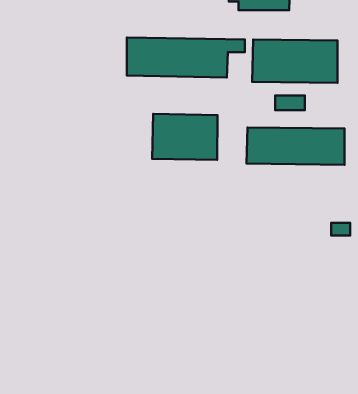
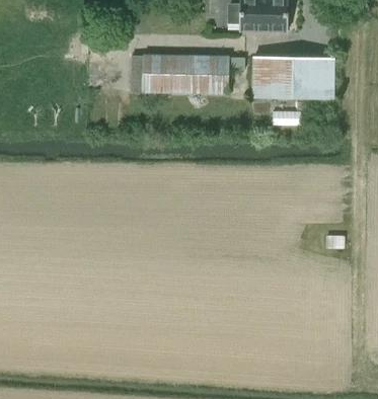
building: [152,114,217,160] -> none
building: [246,127,345,165] -> none

